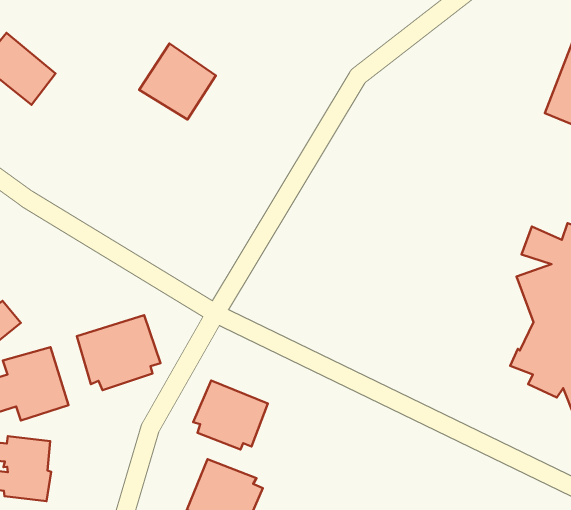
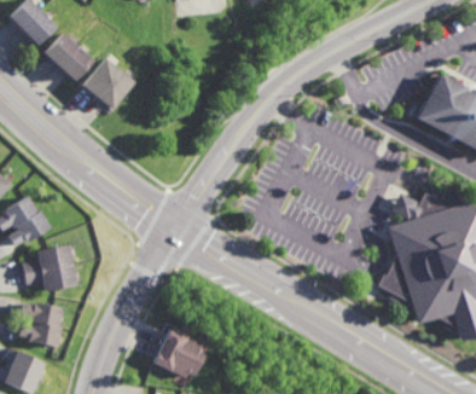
building: [139,44,216,120] -> [81,57,133,109]
building: [77,315,160,390] -> none
building: [193,381,268,449] -> none

